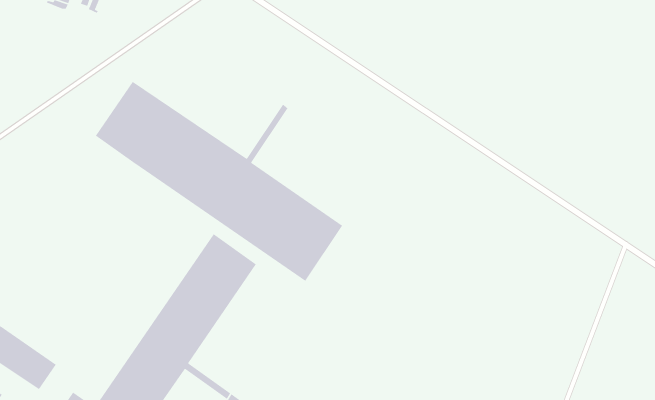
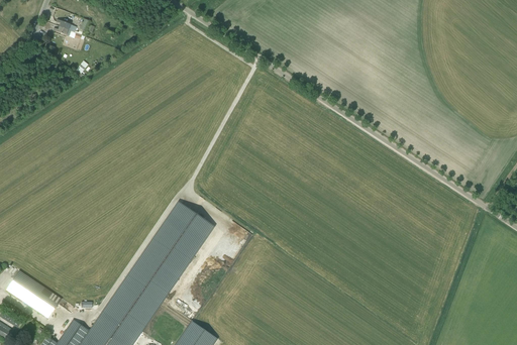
building: [95,81,343,282] -> none

